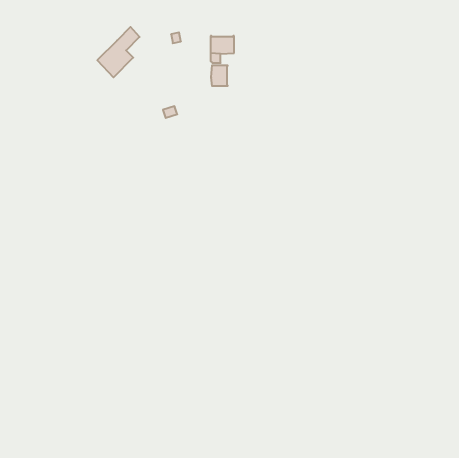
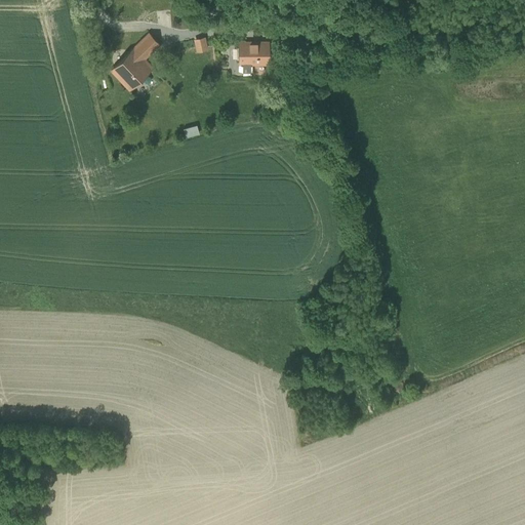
building: [211,65,228,86] -> none

